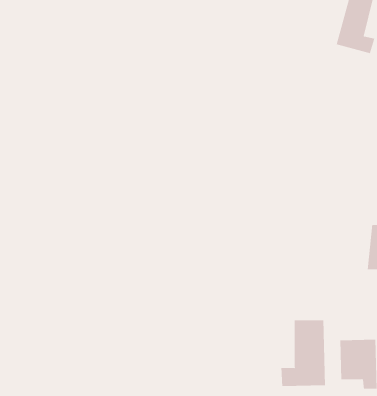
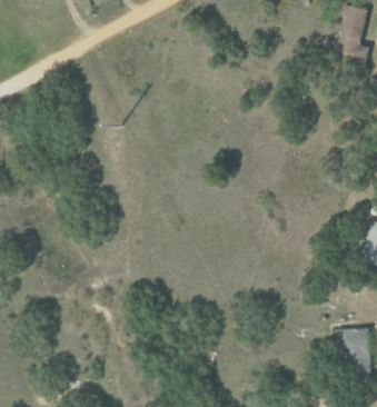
building: [281,320,326,387] -> none

